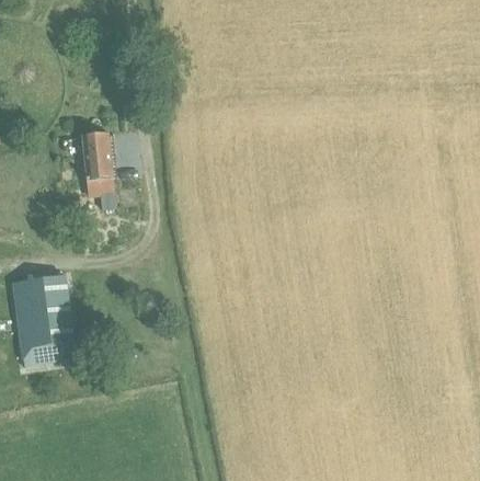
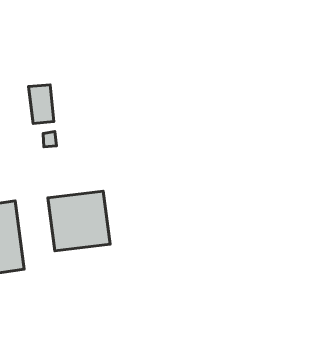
building: none -> [48,191,110,251]

